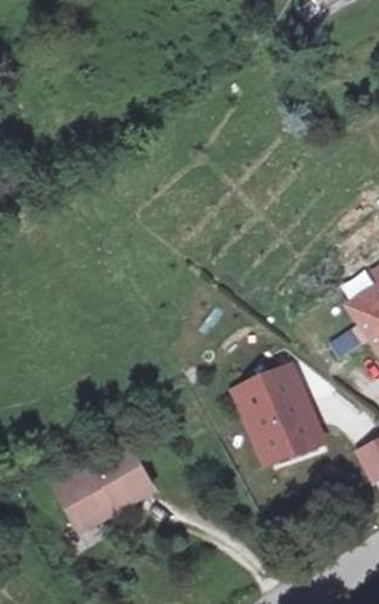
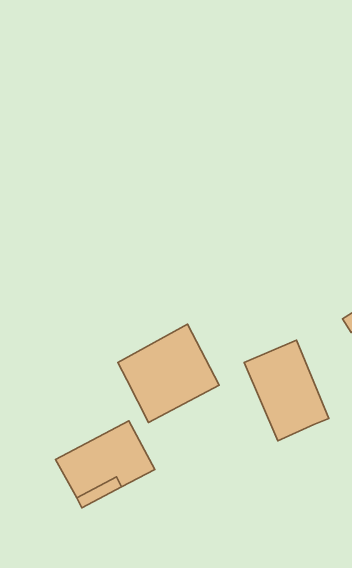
building: none -> [118,324,219,422]

